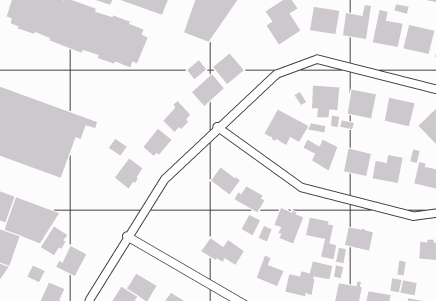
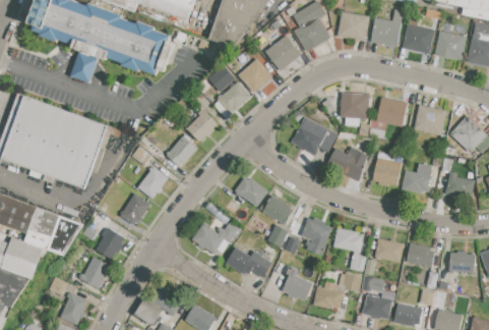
building: none -> [265,36,300,70]
building: none -> [68,52,95,82]
building: none -> [120,194,151,224]
building: none -> [192,224,237,254]
building: [40,225,68,256] -> [96,228,125,260]
building: none -> [406,243,434,267]

